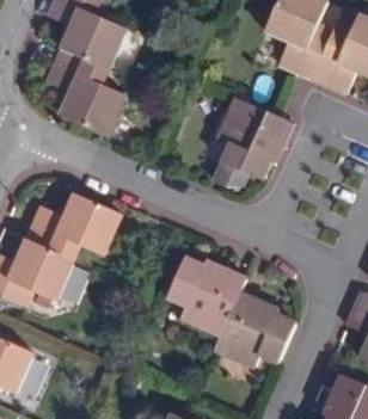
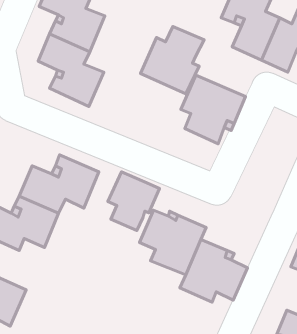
building: none -> [141,27,204,94]
building: none -> [108,172,160,230]

